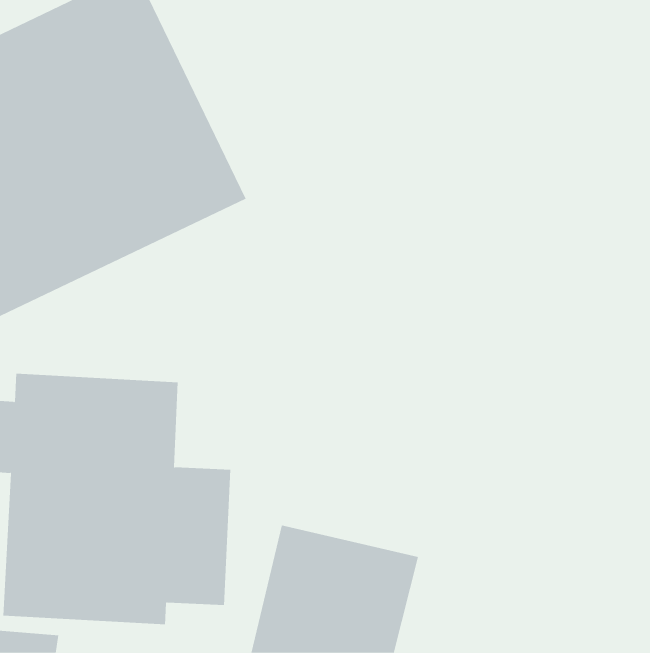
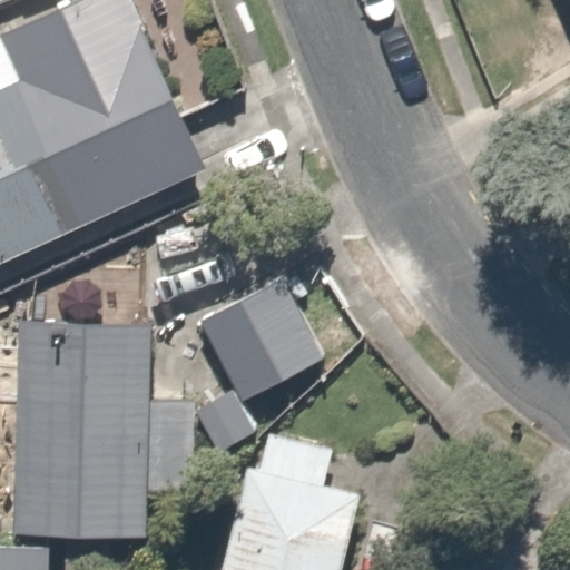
building: none -> [194,276,327,413]

